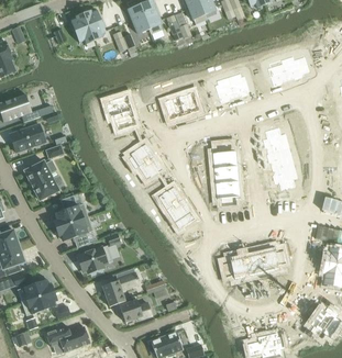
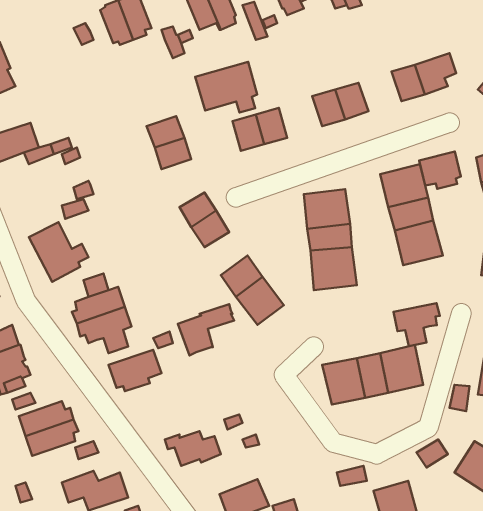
building: none -> [195,62,257,113]
building: none -> [419,152,461,189]
building: [10,123,45,152] -> none
building: none -> [393,303,440,346]
building: [102,272,140,306] -> [178,304,234,355]

